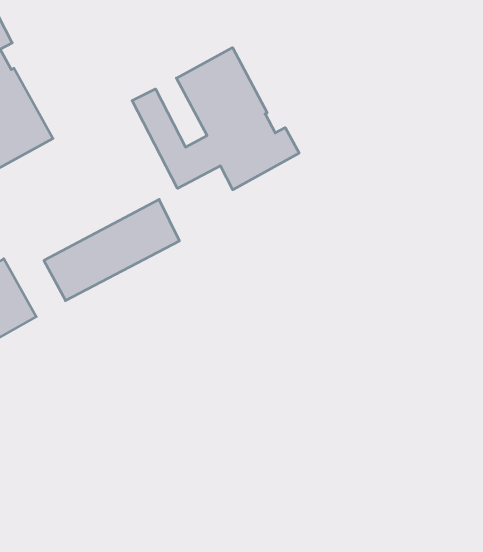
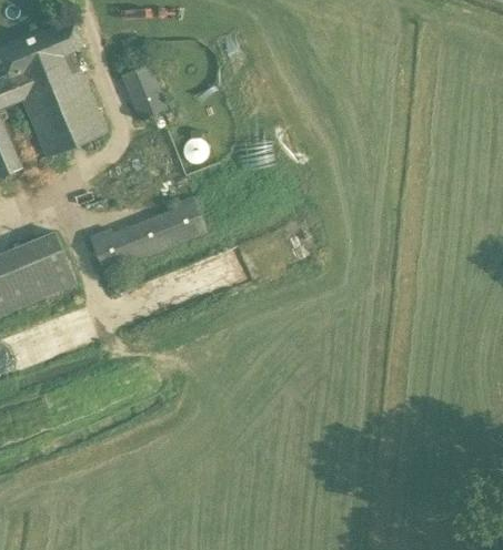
building: [132,48,299,190] -> none
building: none -> [121,64,167,119]

